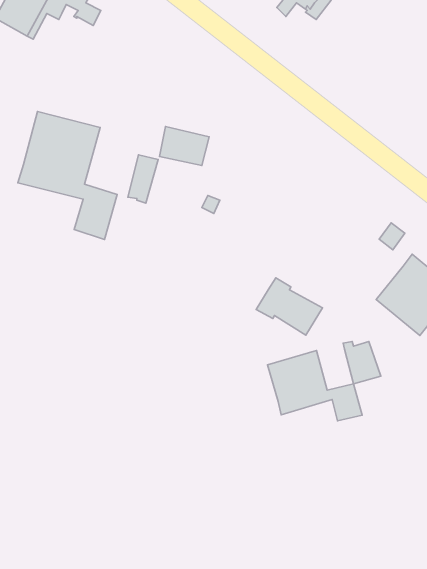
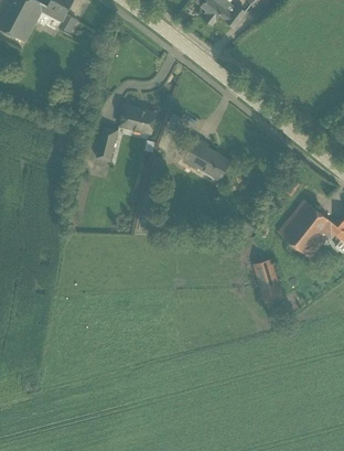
building: [18,112,117,239] -> none
building: [256,278,322,335] -> [182,139,230,181]
building: [267,350,362,421] -> none

